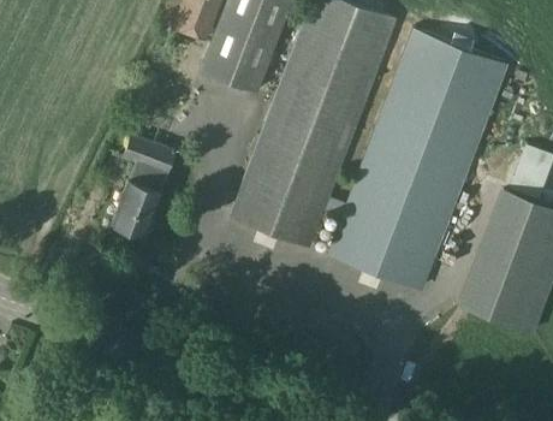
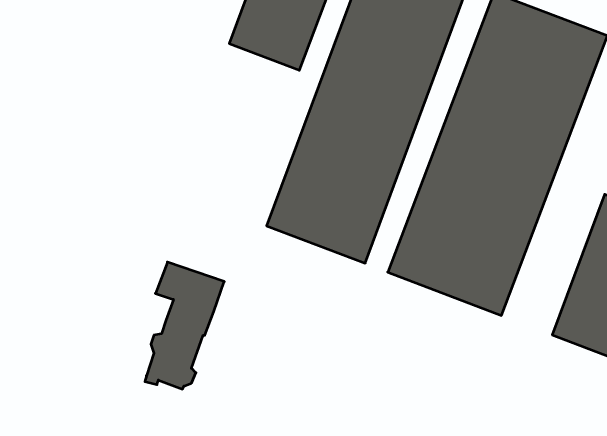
building: [112,136,176,238] -> [145,262,224,389]

